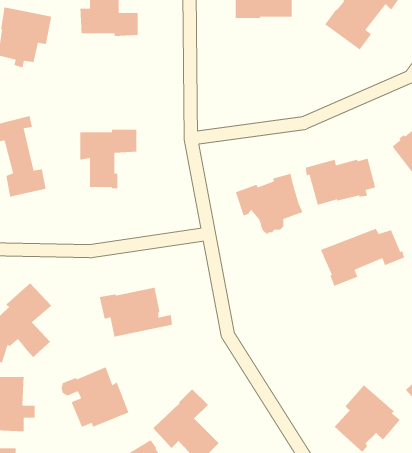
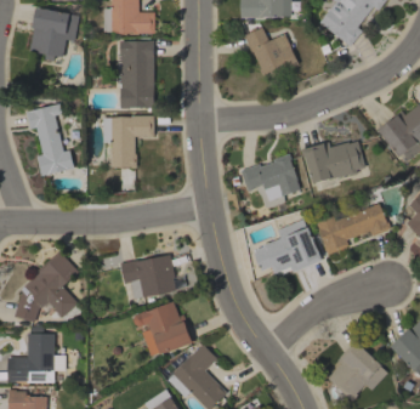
building: none -> [244,28,299,79]
building: none -> [120,41,154,108]
building: none -> [255,220,322,273]
building: [61,366,129,428] -> [134,301,194,356]

